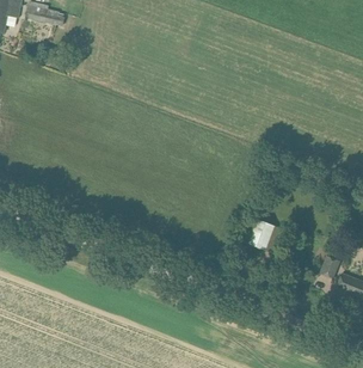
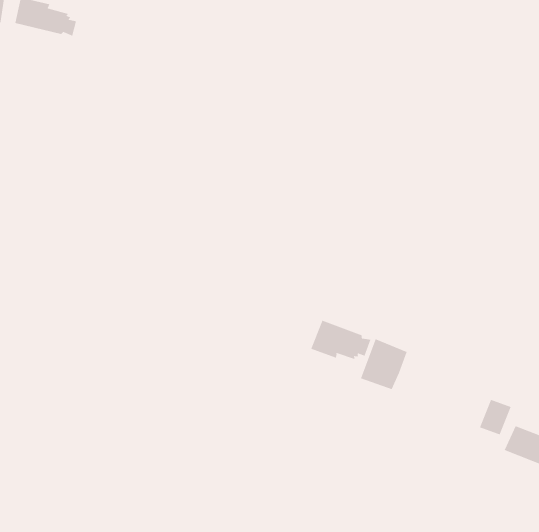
building: none -> [310,320,371,360]

